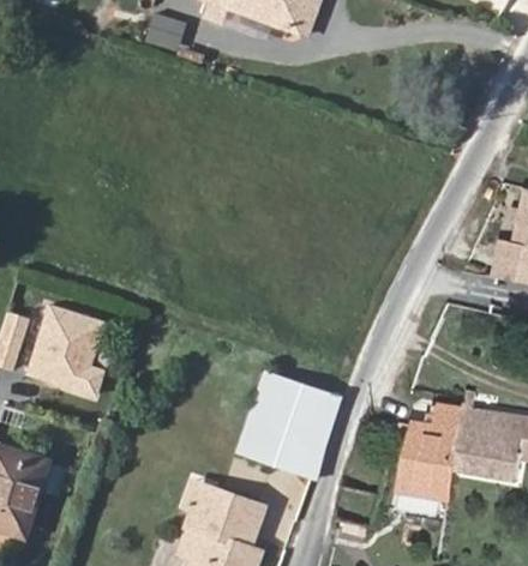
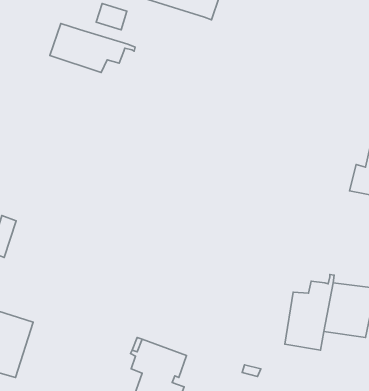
building: none -> [50,23,135,73]
building: [18,301,103,399] -> none
building: [241,375,341,478] -> none

